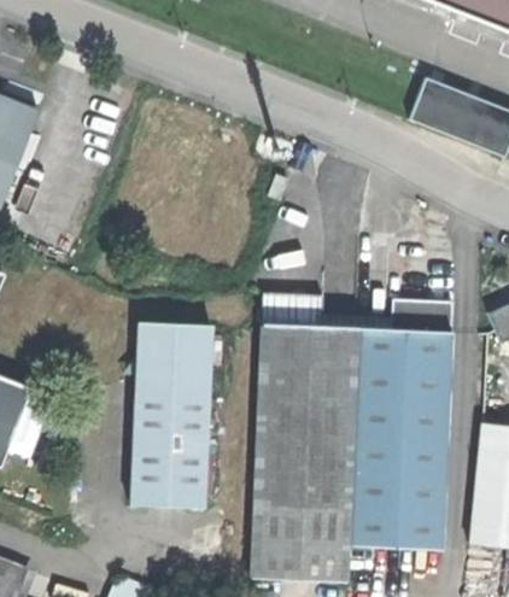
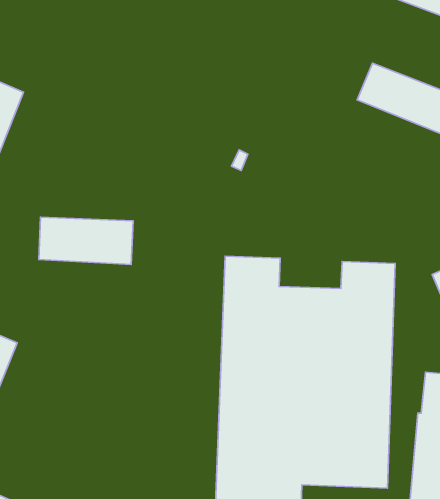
building: none -> [39,217,133,265]
building: [130,321,211,508] -> none

